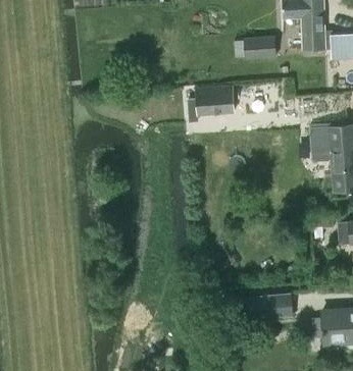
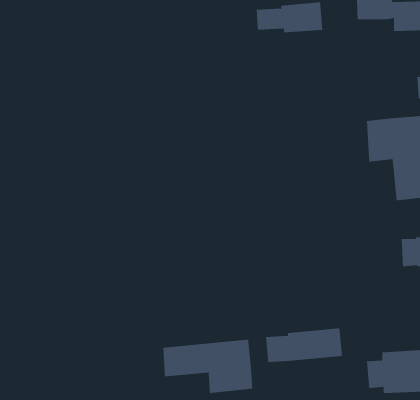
building: [195,86,235,116] -> none
building: none -> [163,339,253,394]

